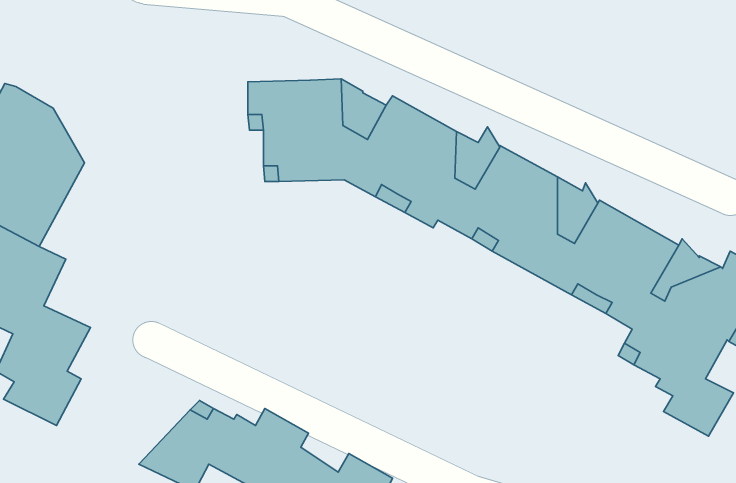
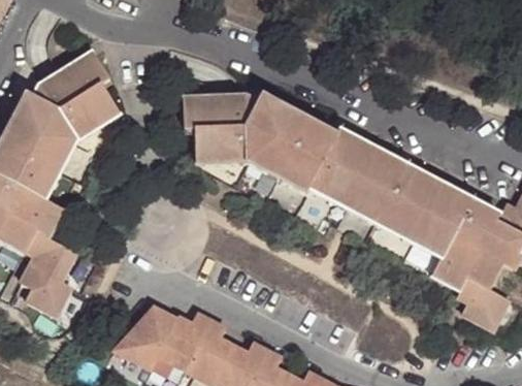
building: none -> [31,54,119,147]

